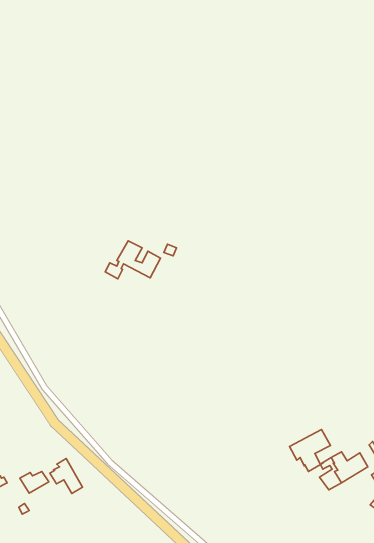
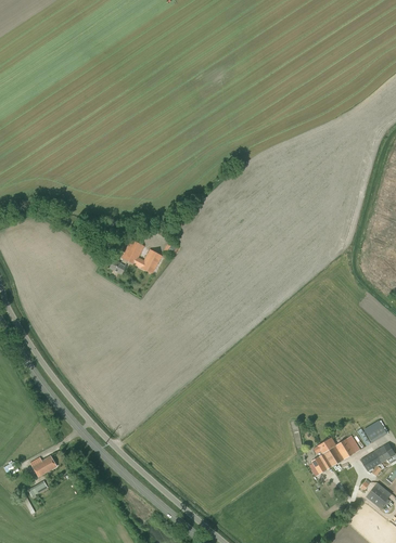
building: [290,429,331,472] -> none
building: [50,459,83,494] -> none

